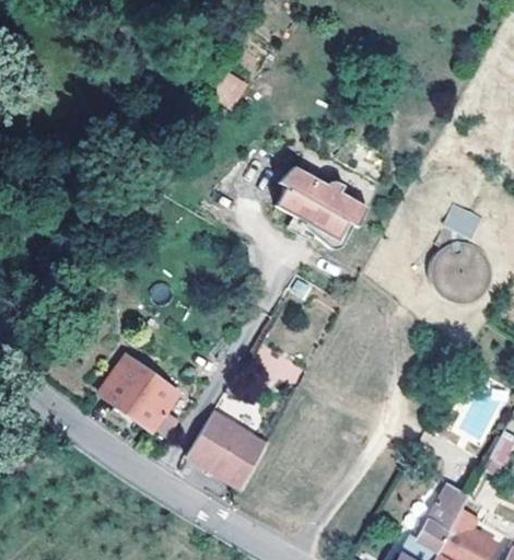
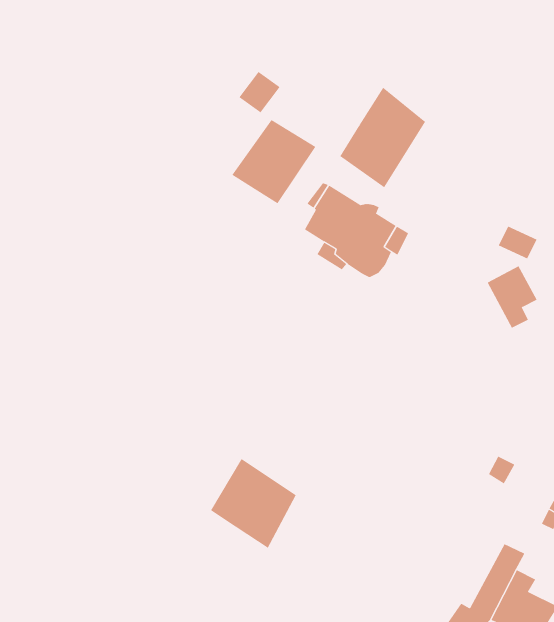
building: none -> [340,87,426,188]
building: none -> [231,119,316,204]
building: [104,355,179,432] -> none

